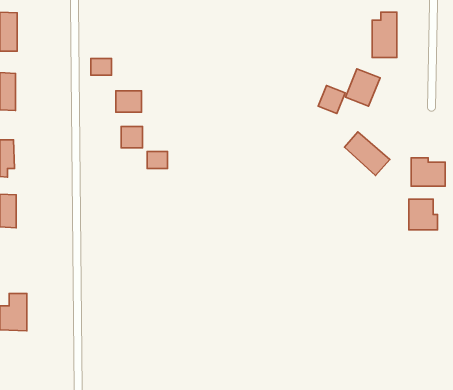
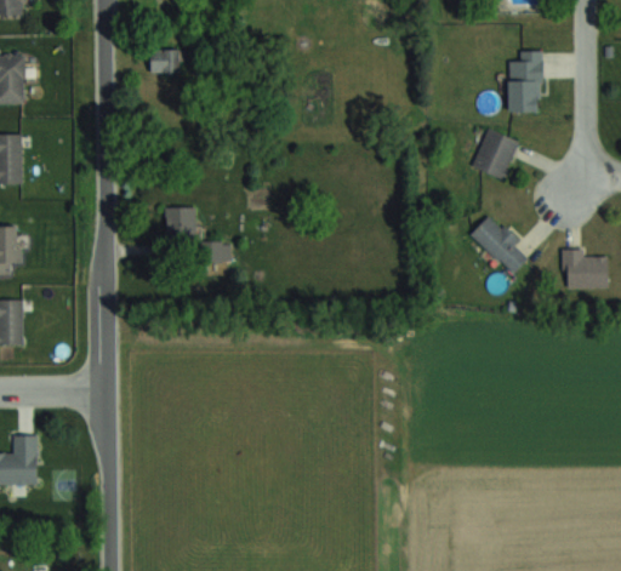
building: [91,58,111,75] -> [152,50,180,73]
building: [318,85,345,114] -> none
building: [116,91,142,112] -> none
building: [409,199,438,230] -> none

